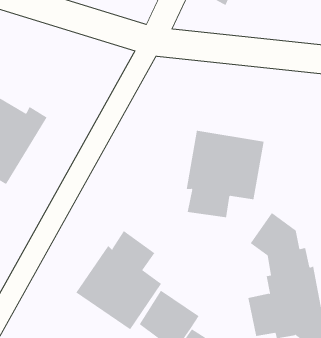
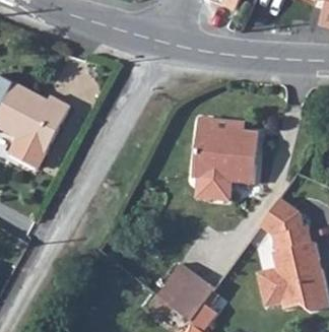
building: [76,230,162,330] -> none

